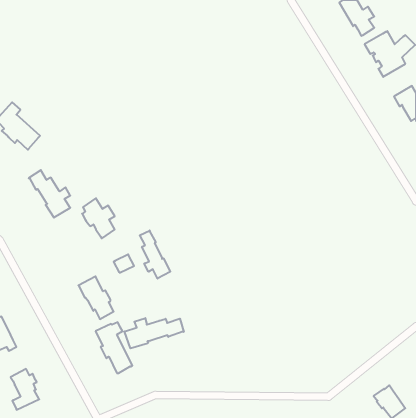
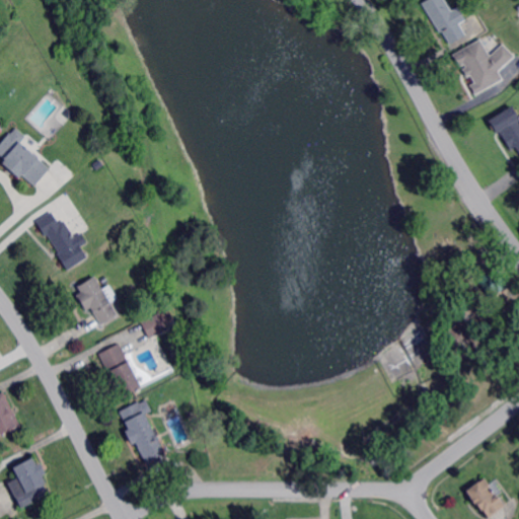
building: [82,198,115,238] -> [75,276,116,325]
building: [140,230,170,279] -> none
building: [125,318,184,348] -> none

